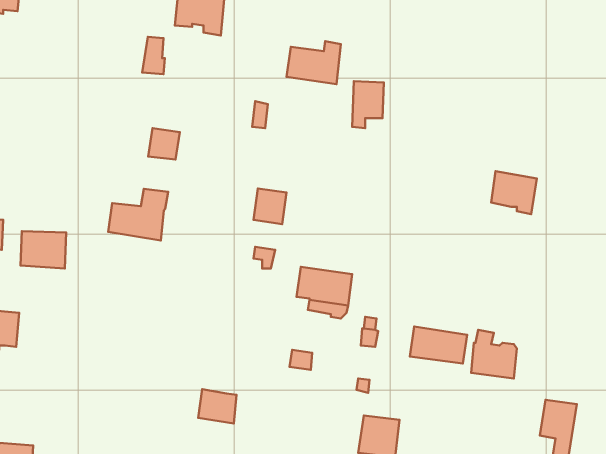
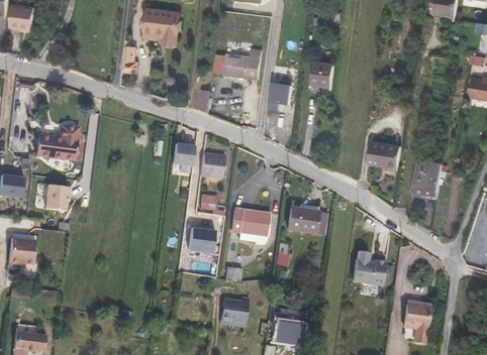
building: none -> [311,62,334,86]
building: [148,128,180,159] -> [172,143,194,165]
building: [108,189,168,240] -> [35,124,78,160]
building: none -> [412,159,443,194]
building: none -> [189,226,214,251]
building: [410,326,467,363] -> [287,207,327,233]
building: [198,389,237,423] -> [220,299,248,323]

